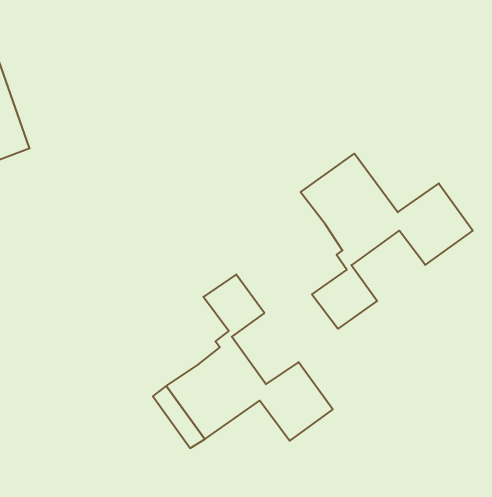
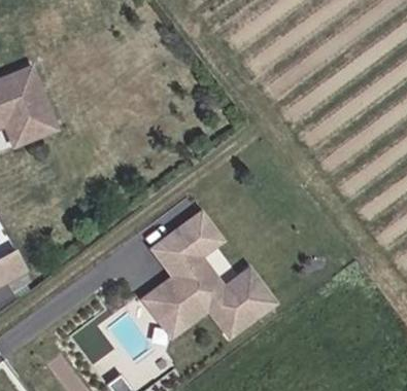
building: [301,154,473,329] -> none
building: none -> [154,232,196,279]

